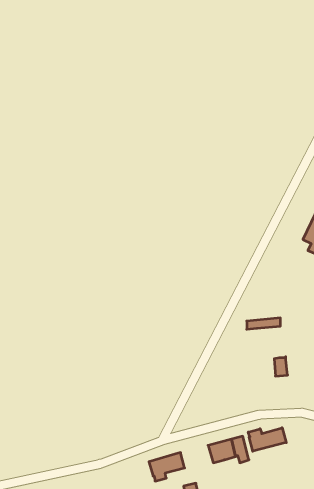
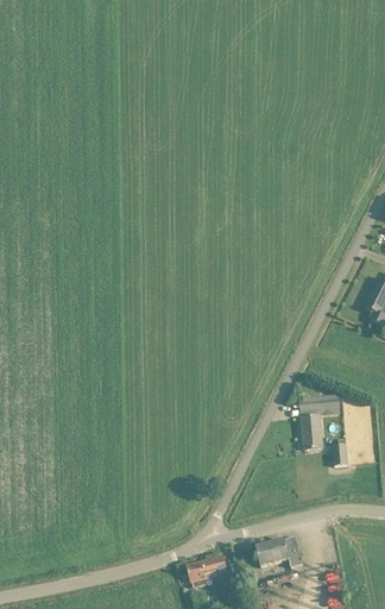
building: none -> [301,413,321,448]
building: [248,428,286,451] -> none

